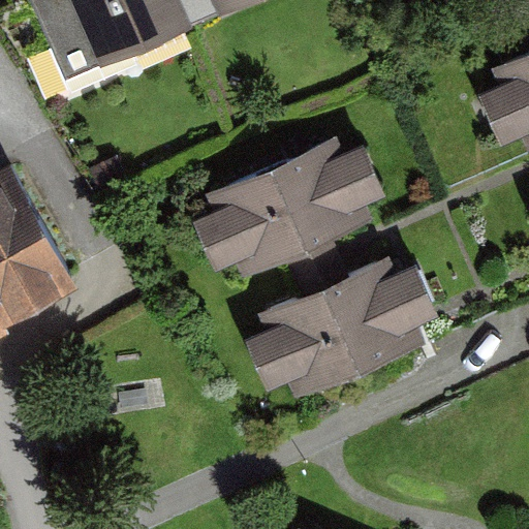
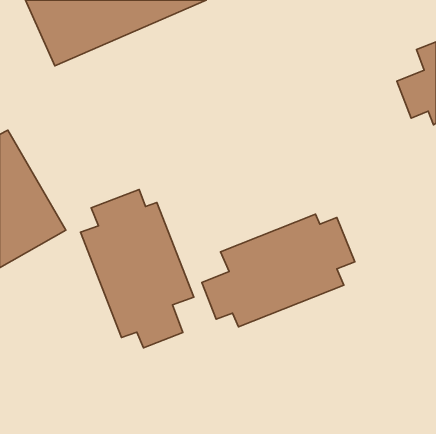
building: [200,138,386,274] -> none
building: none -> [81,189,194,348]

